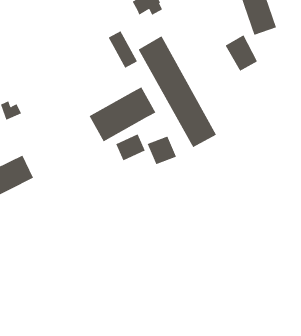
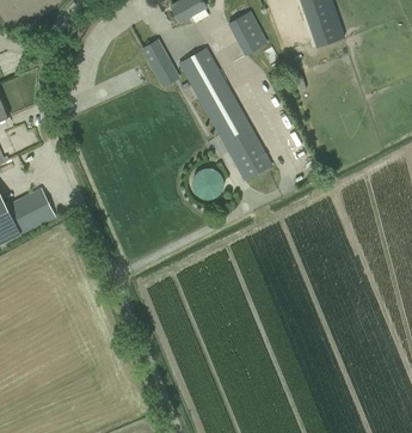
building: [225,34,258,71] -> [227,11,266,55]
building: [89,87,156,142] -> none
building: [116,133,145,161] -> none

